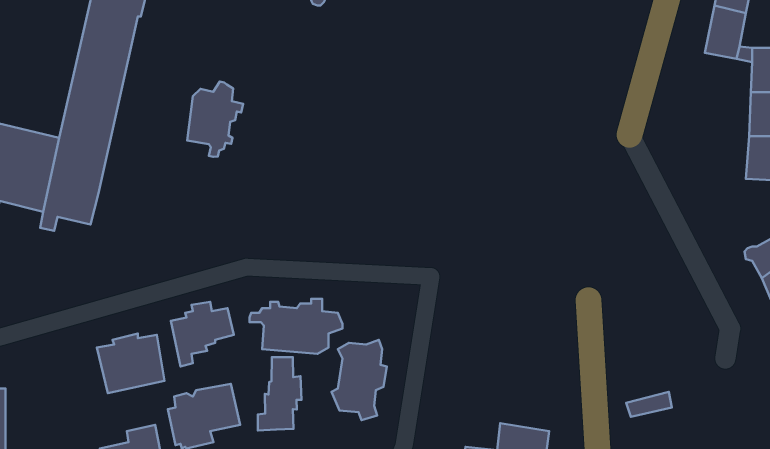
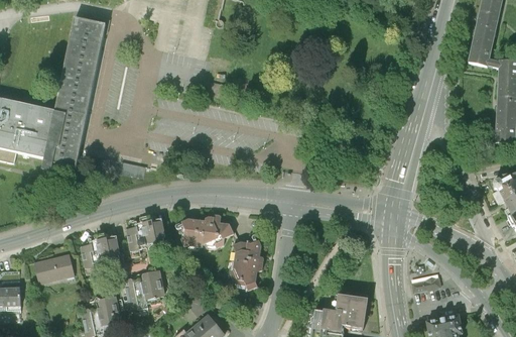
building: [187,82,243,157] -> none
building: [258,357,302,430] -> none
building: none -> [33,252,75,285]

